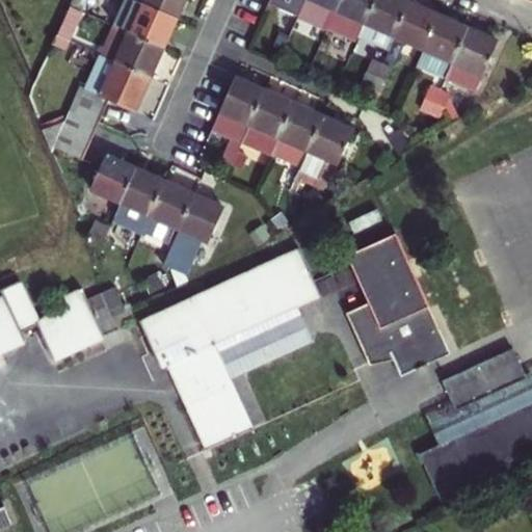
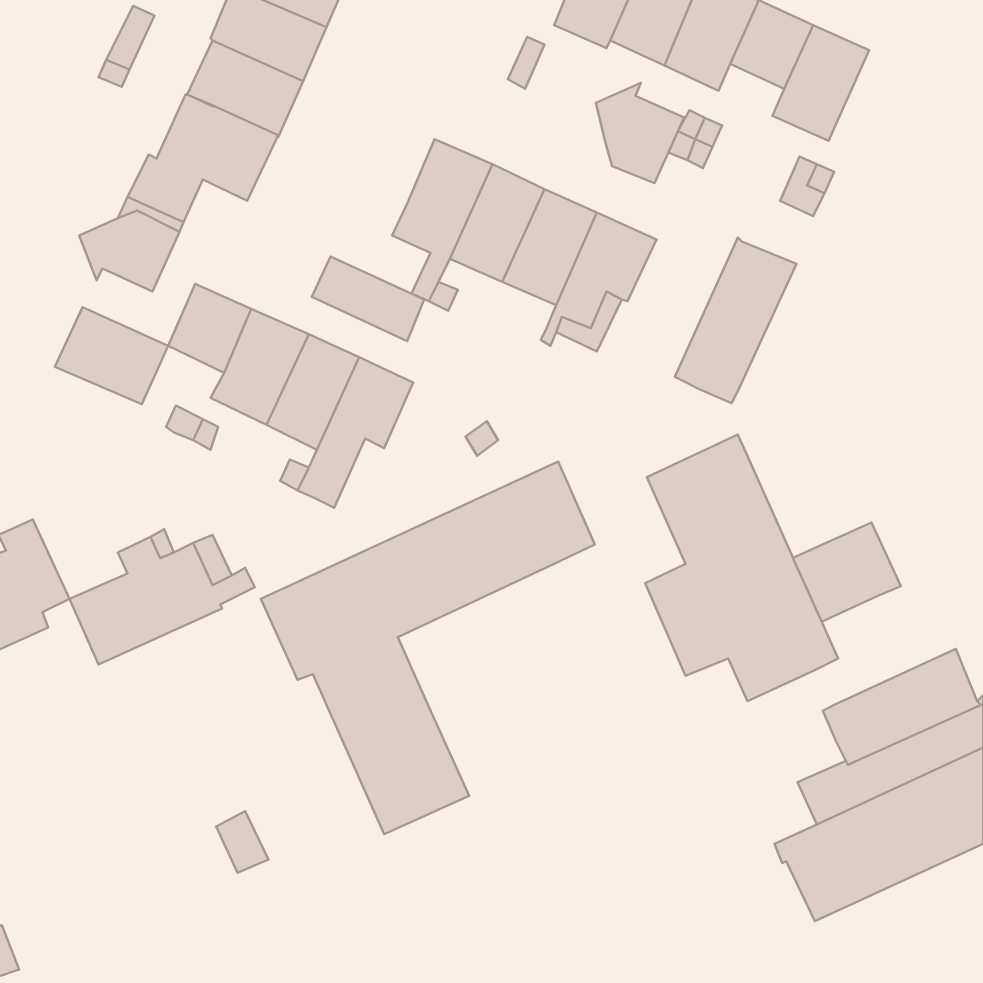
building: [446,27,497,89] -> none
building: none -> [596,83,684,183]
building: none -> [675,238,797,403]
building: none -> [312,256,424,341]
building: none -> [55,307,168,404]
building: none -> [793,523,901,624]
building: [214,303,315,380] -> none

